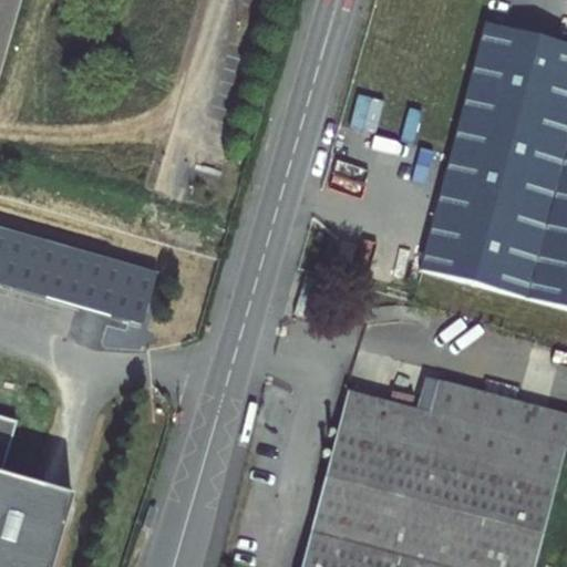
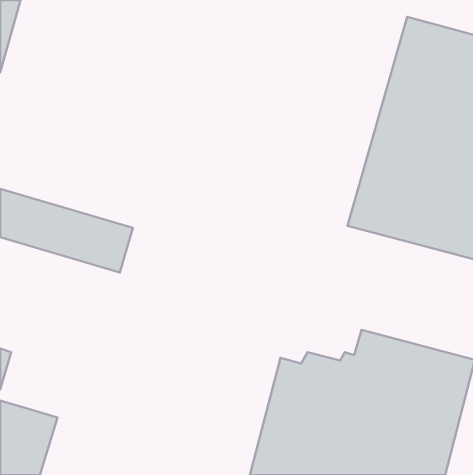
building: [337,401,413,433] -> none

